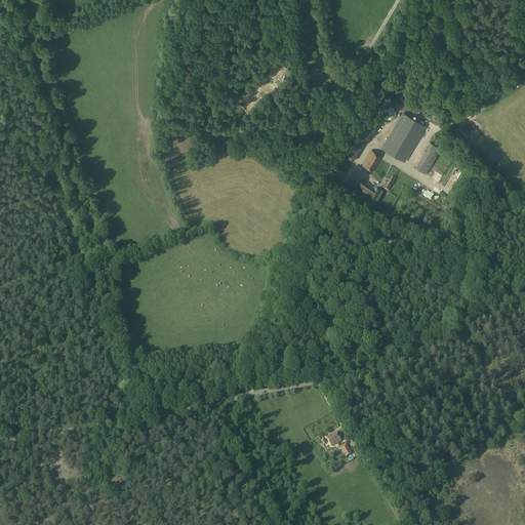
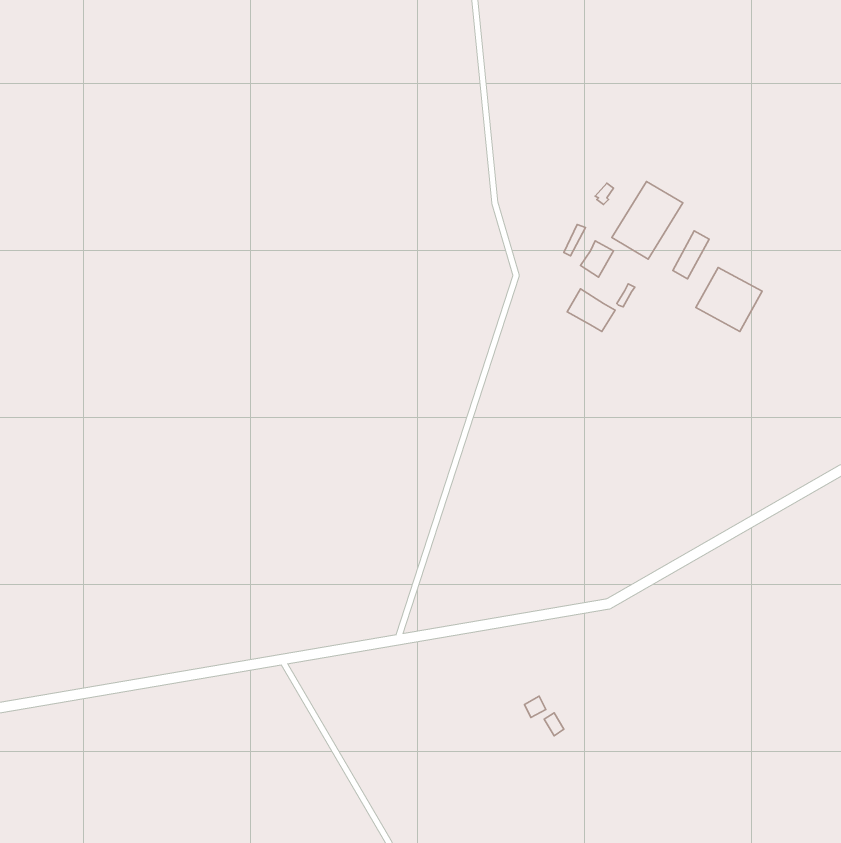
building: none -> [696,267,762,331]

